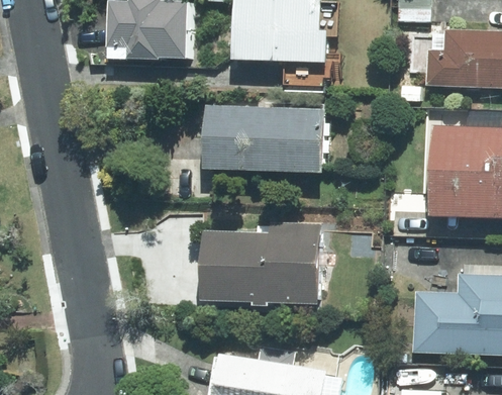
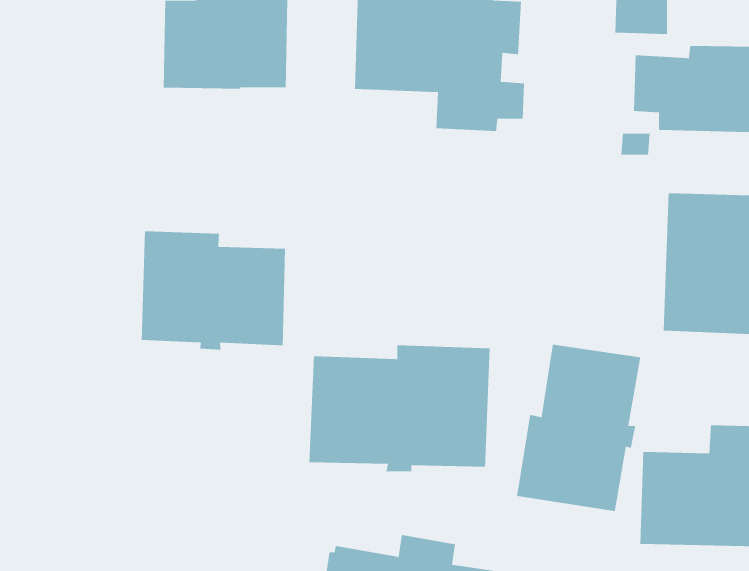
building: [204,103,323,171] -> none
building: none -> [141,231,285,351]
building: none -> [517,344,641,512]

